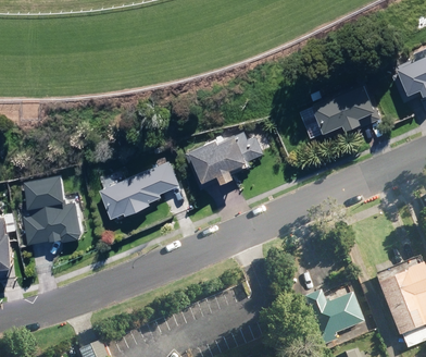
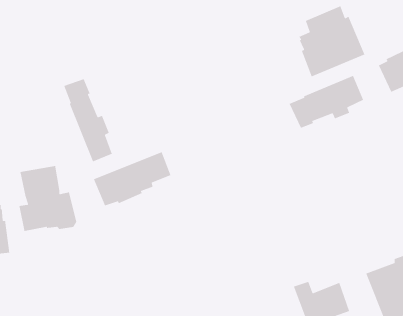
building: none -> [298,5,365,77]
building: none -> [63,78,113,162]
building: [185,132,264,188] -> none

